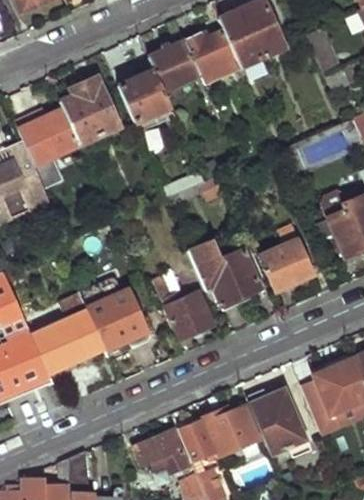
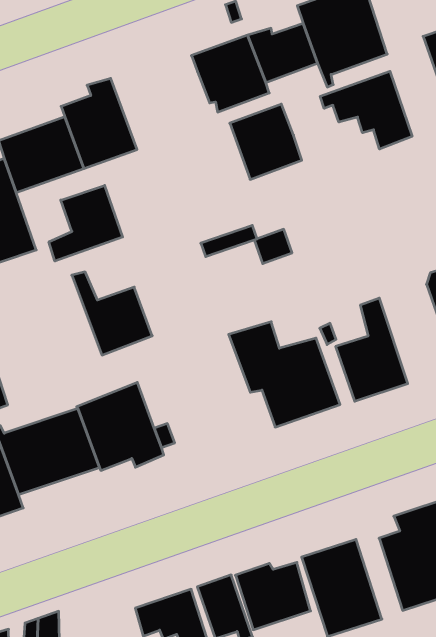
building: none -> [320,71,412,149]
building: [117,69,169,123] -> [230,104,302,179]
building: none -> [49,185,123,261]
building: [156,282,215,339] -> [72,272,152,355]

